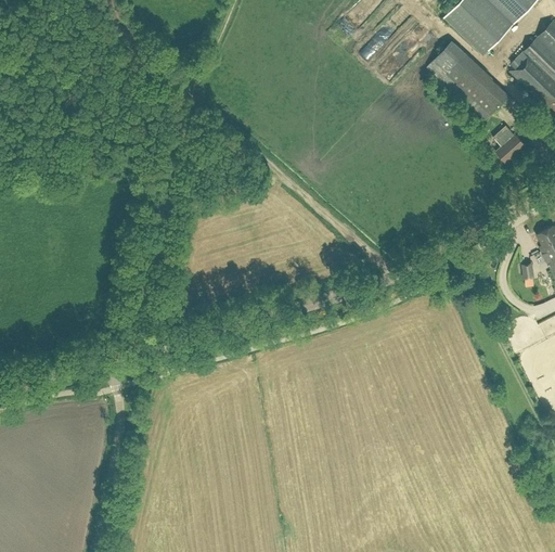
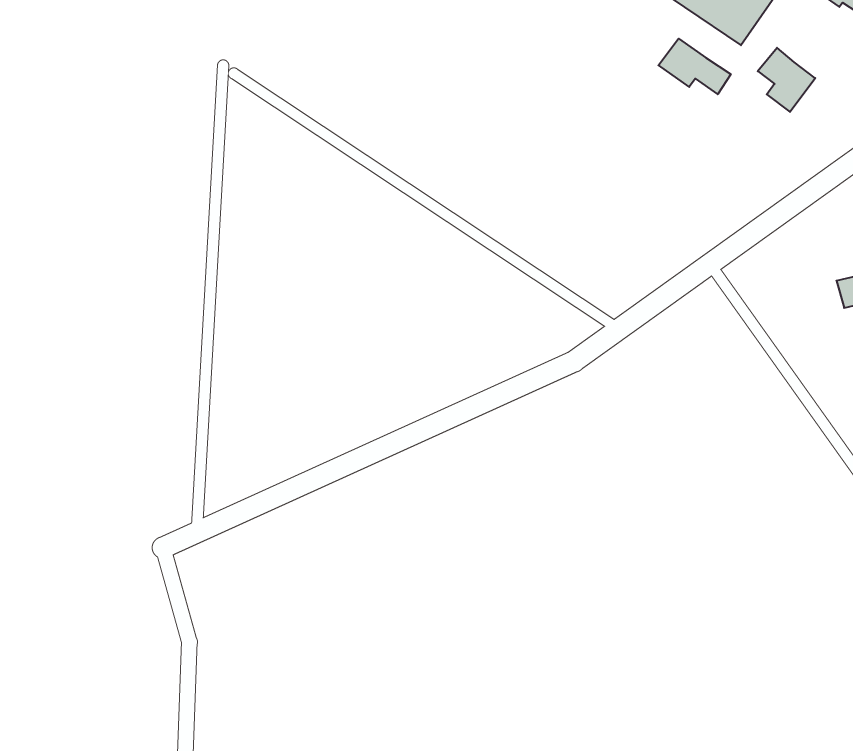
building: none -> [658,39,731,94]

